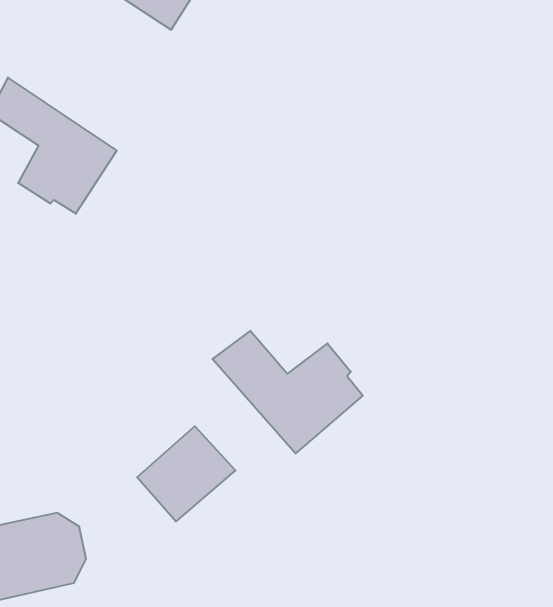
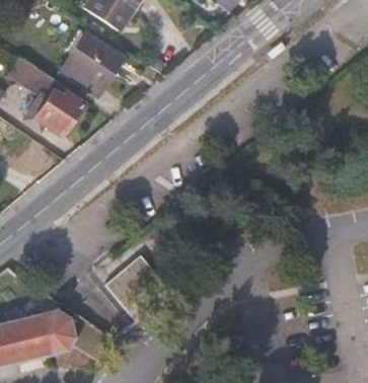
building: none -> [62,34,128,91]
building: [212,331,363,453] -> none

